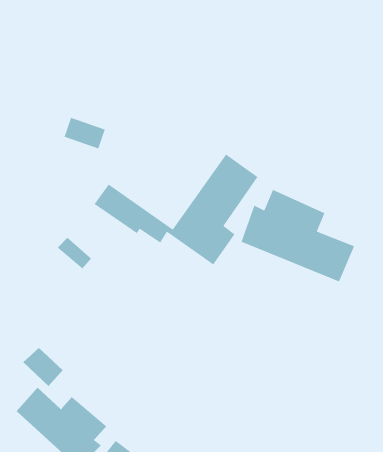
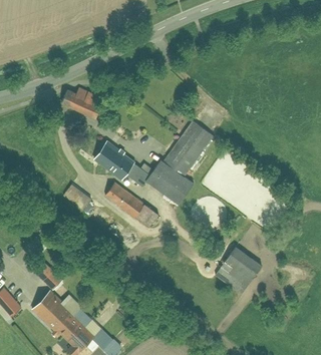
building: [241,189,355,283] -> none
building: none -> [104,184,155,229]
building: none -> [217,246,258,286]

